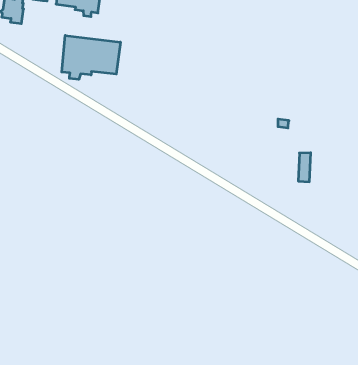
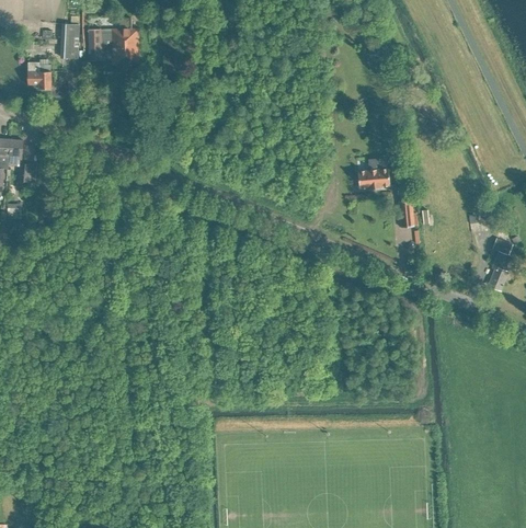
building: [62,35,120,79] -> none
building: none -> [357,168,390,188]

